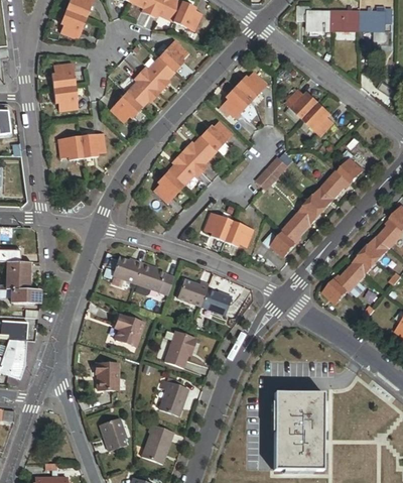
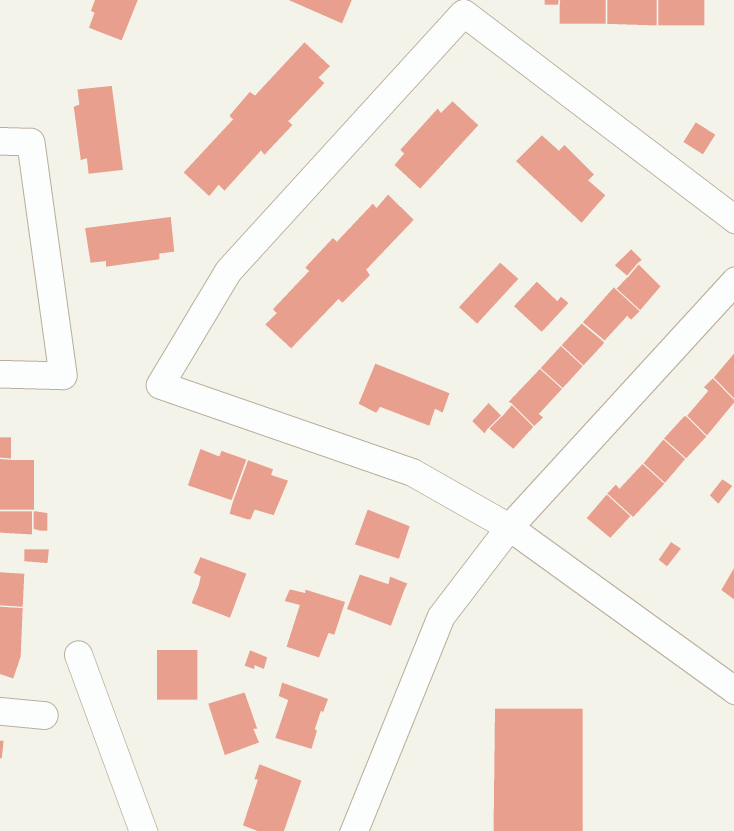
building: none -> [513,281,570,333]
building: [176,278,210,307] -> [346,574,409,627]
building: [99,417,127,452] -> [207,692,260,756]

